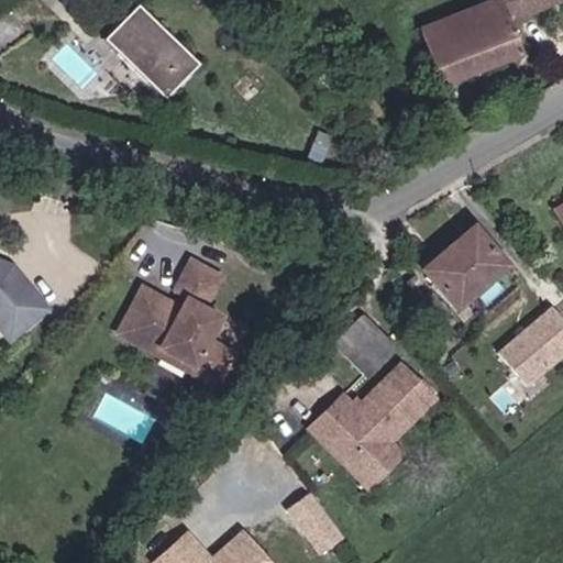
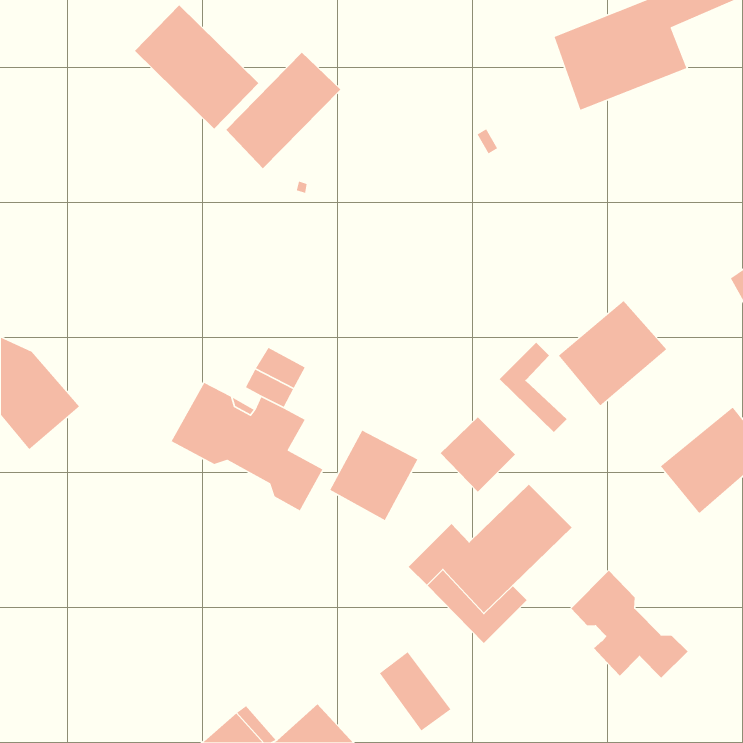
building: none -> [225,52,341,169]
building: none -> [499,342,567,433]
building: none -> [329,429,418,521]
building: none -> [570,570,688,679]

